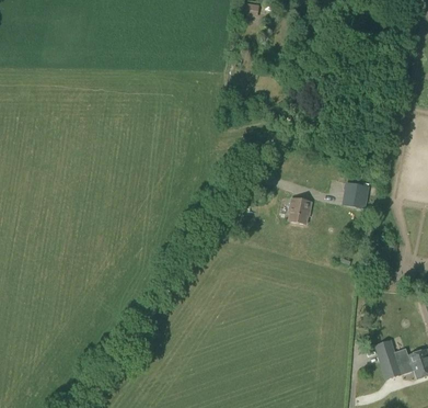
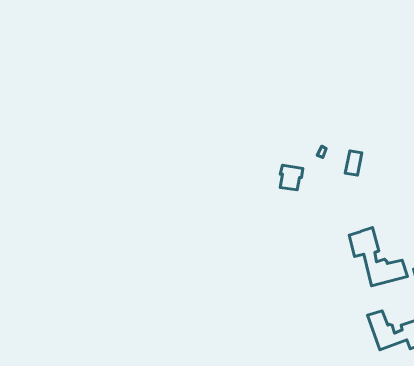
building: none -> [349,228,407,286]

